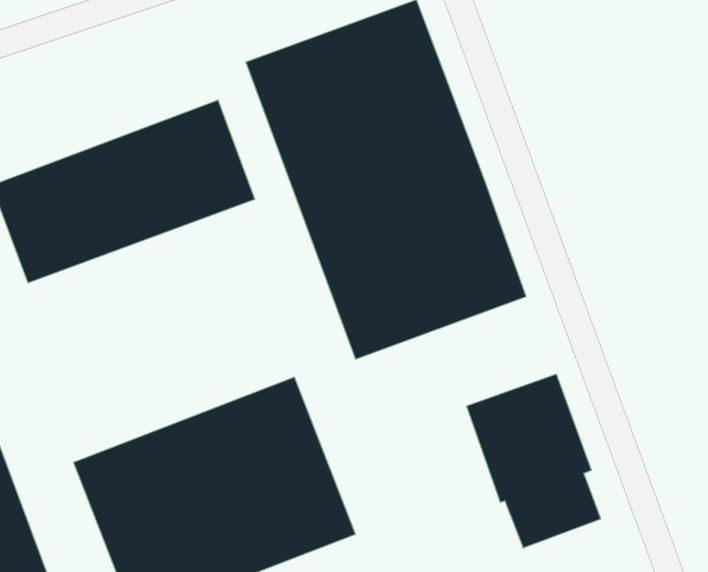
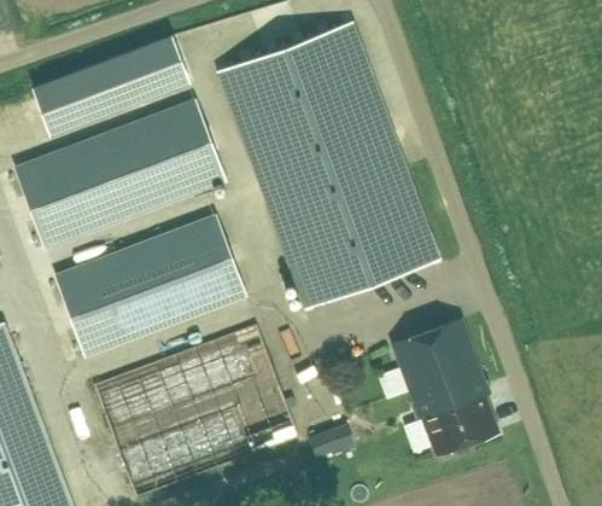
building: none -> [33,35,189,135]
building: none -> [55,216,245,355]
building: none -> [309,424,352,456]

